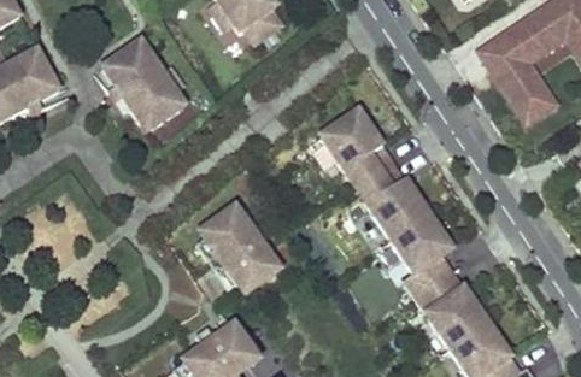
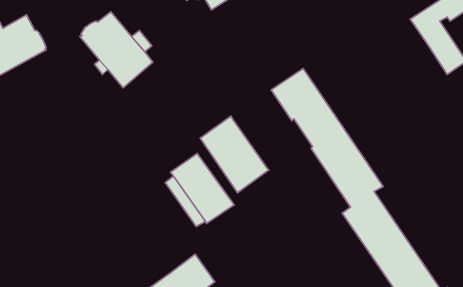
building: none -> [200,116,269,193]

